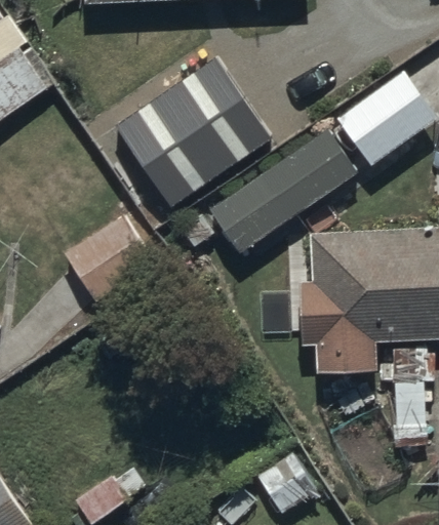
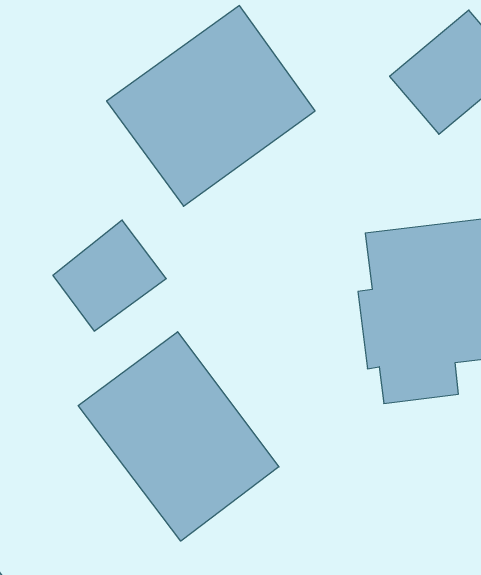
building: [209,128,359,258] -> none
building: none -> [78,332,279,541]

